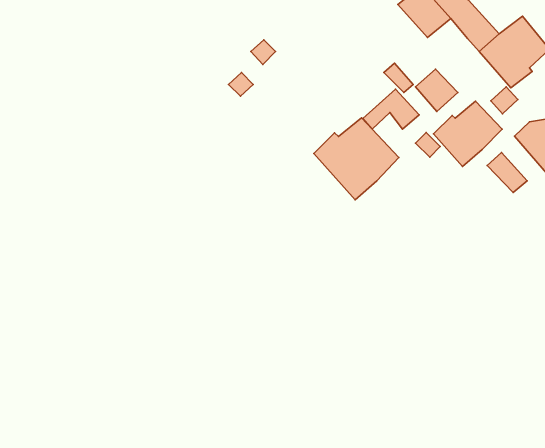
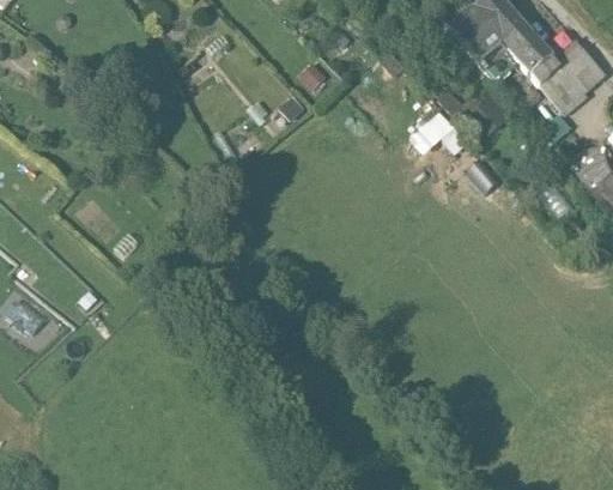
building: [434,101,502,167] -> none
building: [314,118,399,200] -> none

